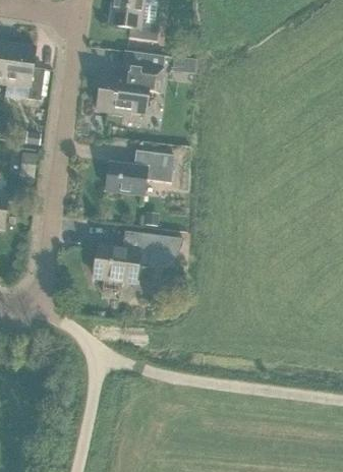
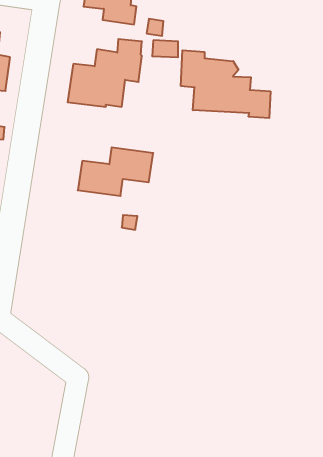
building: none -> [181,50,270,118]
building: [94,233,183,284] -> none

